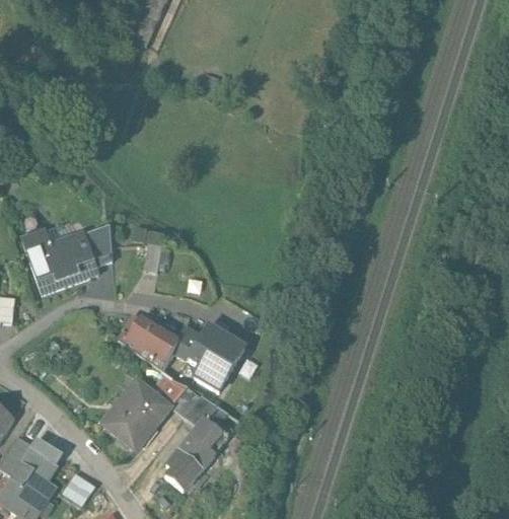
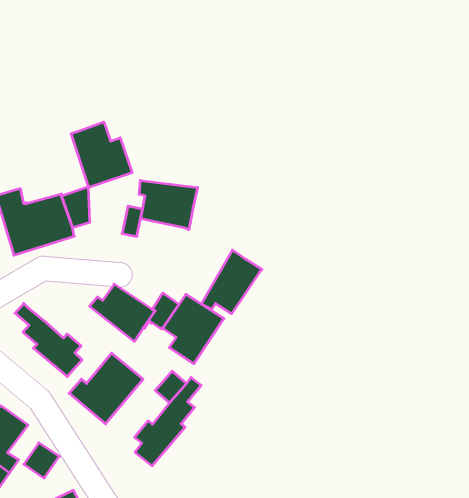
building: none -> [71,122,132,187]
building: none -> [139,180,198,230]
building: none -> [201,250,262,314]
building: none -> [15,303,82,377]

